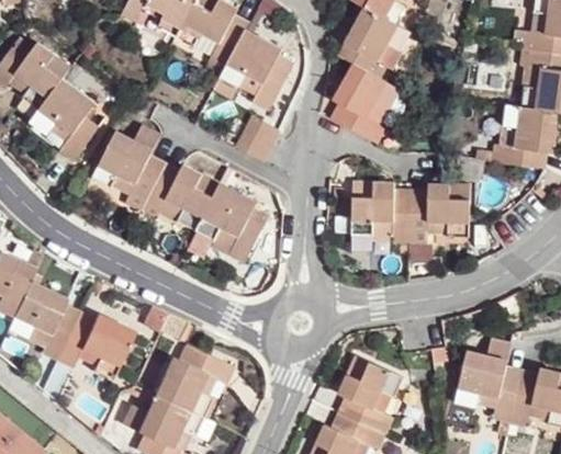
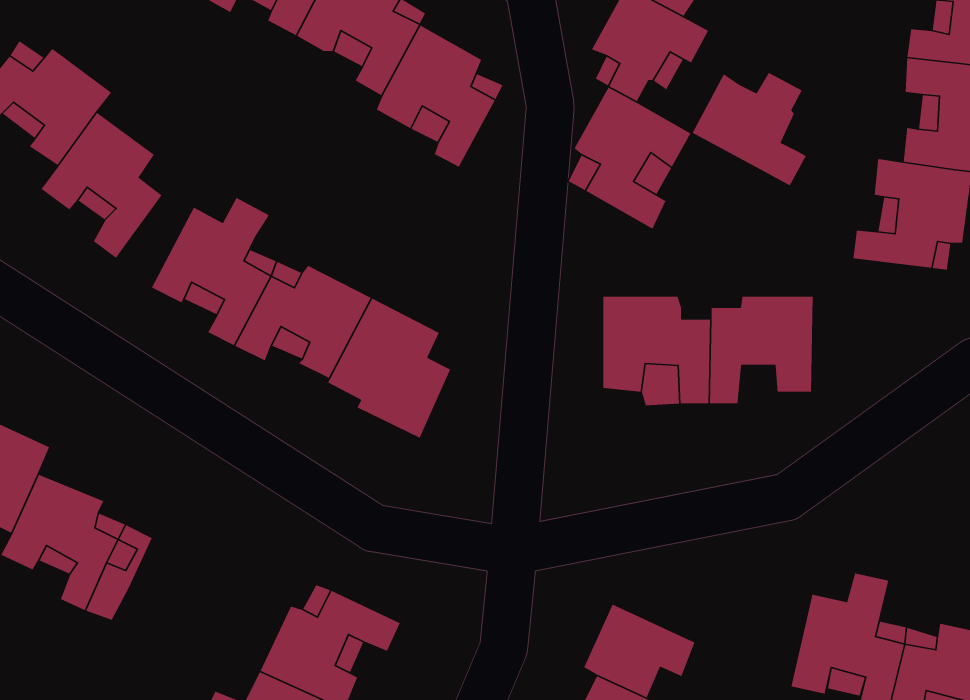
building: none -> [692,72,807,186]
building: [234,116,278,161] -> none
building: [81,313,135,377] -> none

